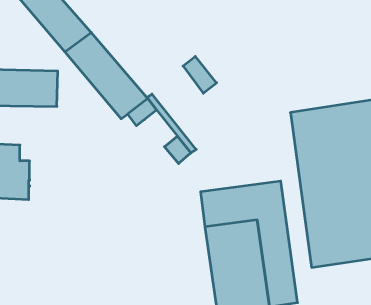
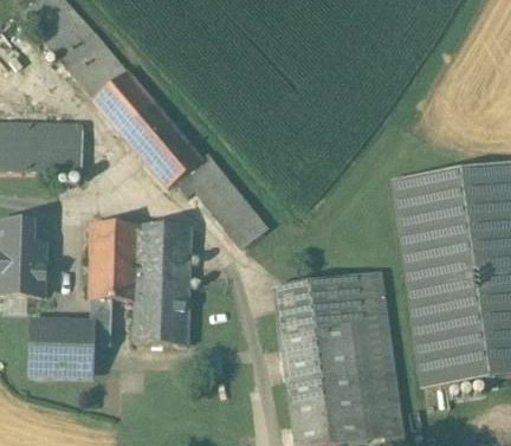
building: [183,56,217,93] -> [198,175,242,225]
building: none -> [90,221,190,344]
building: none -> [30,312,110,374]

